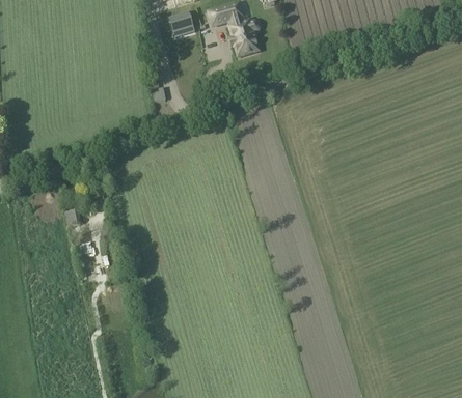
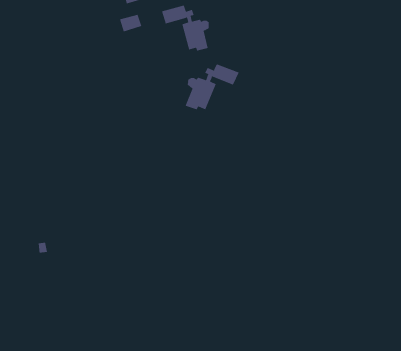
building: none -> [185,61,239,110]

